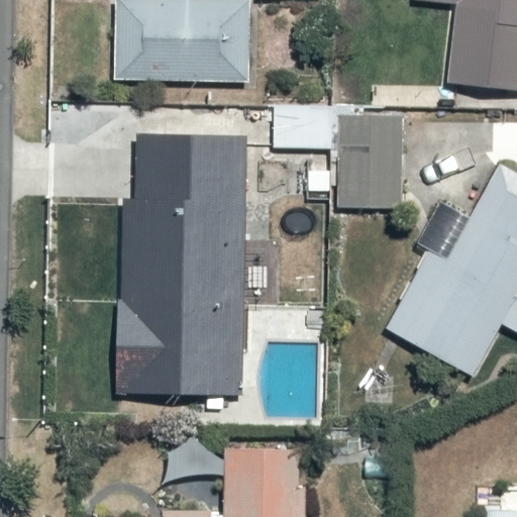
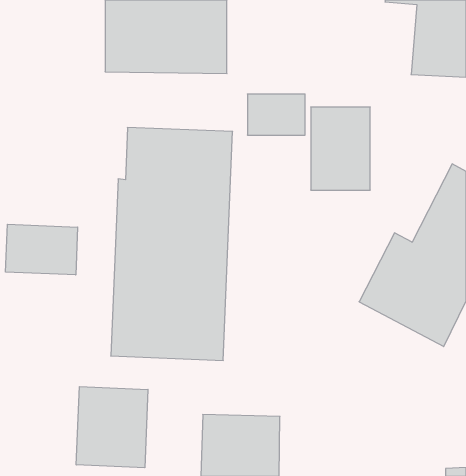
building: none -> [6,224,78,275]
building: none -> [76,387,148,468]

